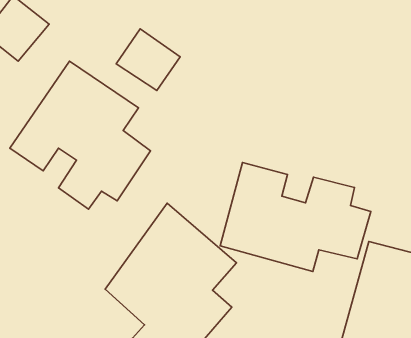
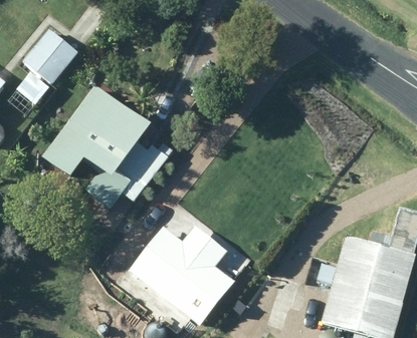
building: [116,29,180,91] -> none
building: [220,162,371,271] -> none

